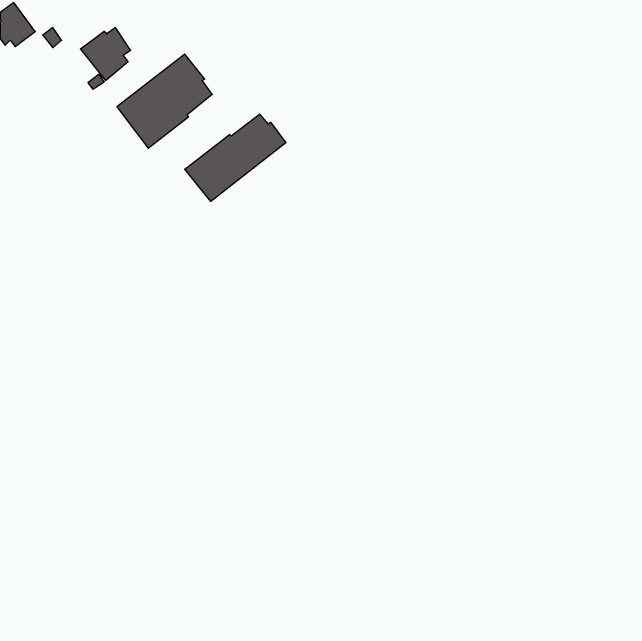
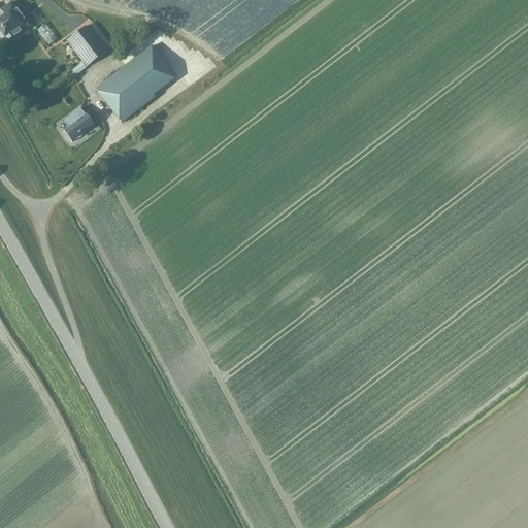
building: [185,114,286,201] -> none
building: none -> [63,107,94,138]

